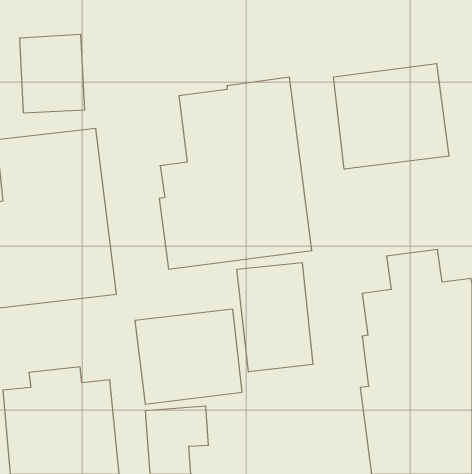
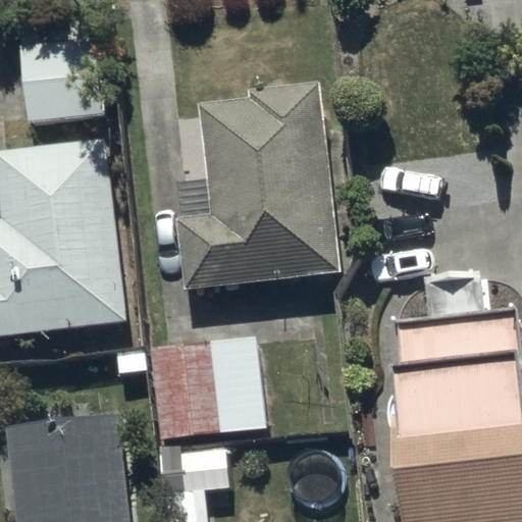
building: [334,63,449,169] -> none
building: [237,263,313,372] -> none

